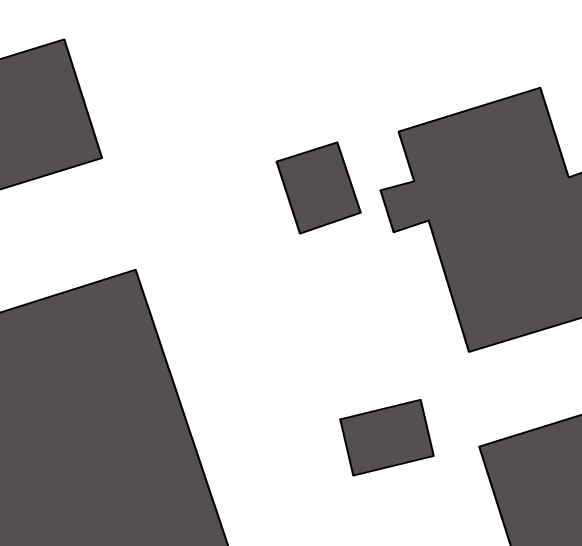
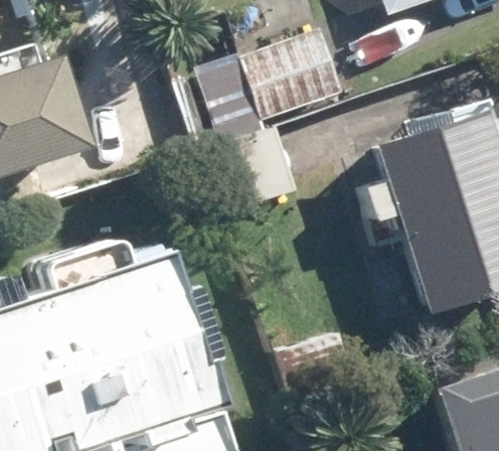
building: none -> [251,33,354,121]

